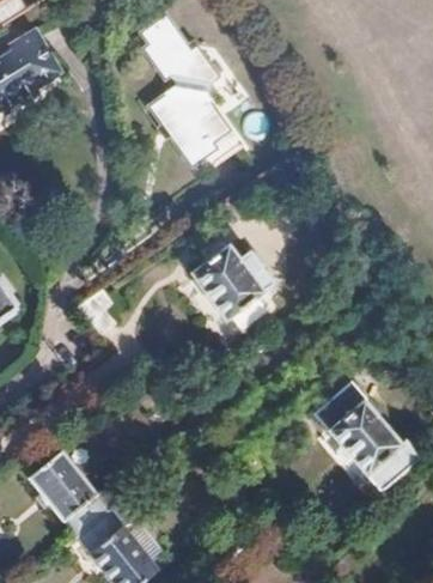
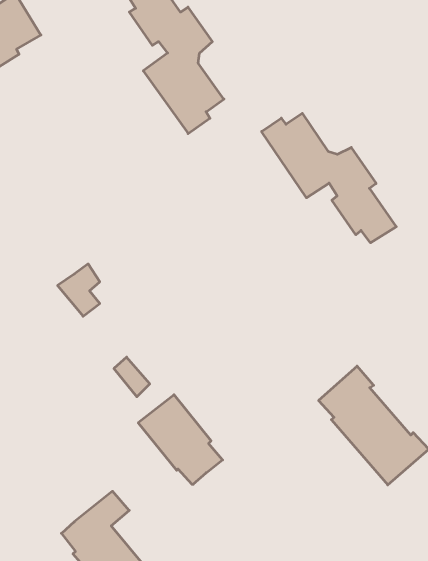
building: none -> [262,113,396,243]
building: [191,244,273,316] -> none
building: [26,453,105,536] -> [138,395,223,484]

